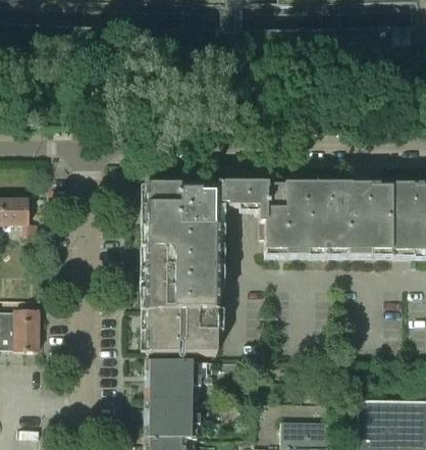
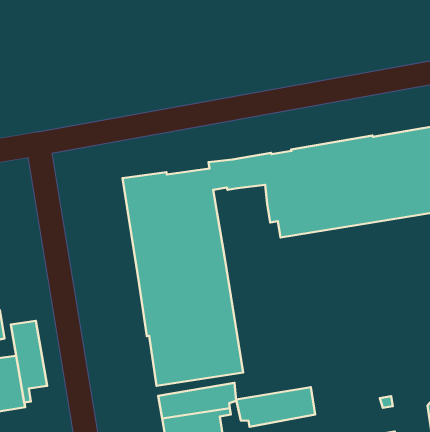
building: none -> [11,321,47,402]
building: none -> [236,387,315,427]

